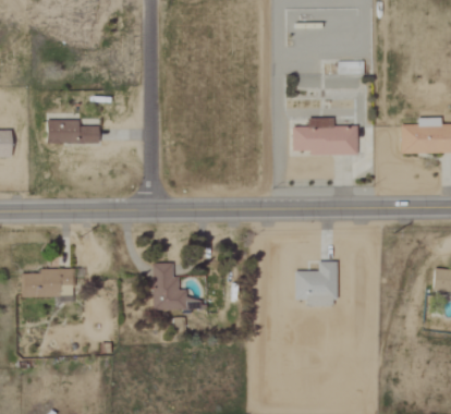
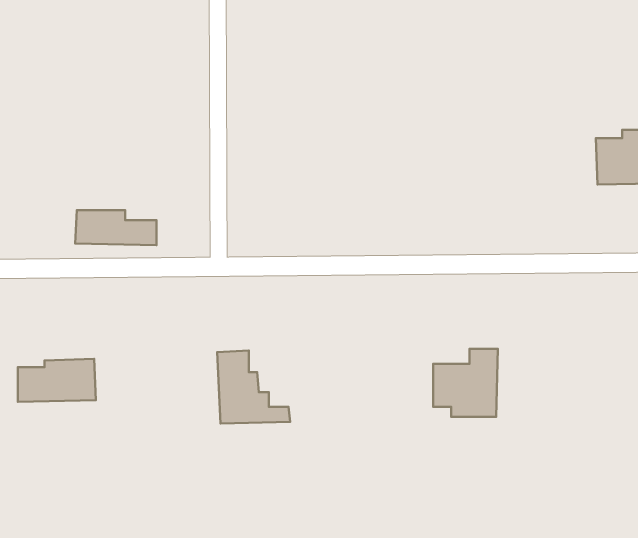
building: [293,118,358,155] -> none
building: [47,120,100,143] -> [75,210,157,245]

